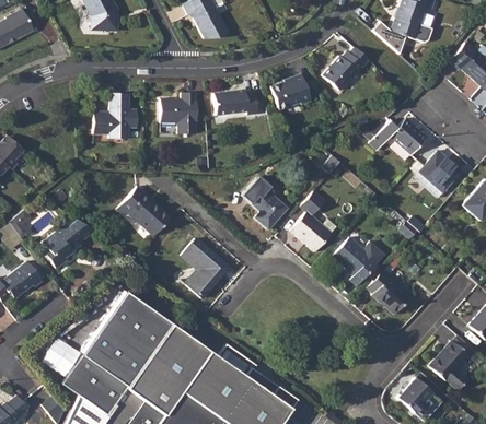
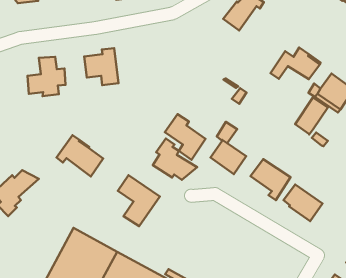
building: [271,73,311,107] -> none
building: [215,89,257,114] -> none
building: none -> [295,97,328,135]
building: none -> [153,138,197,180]

